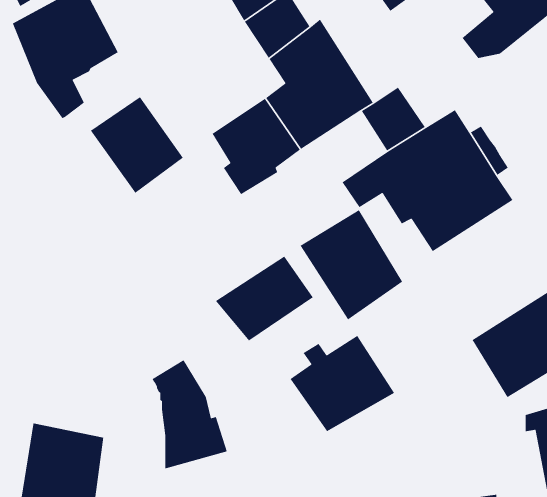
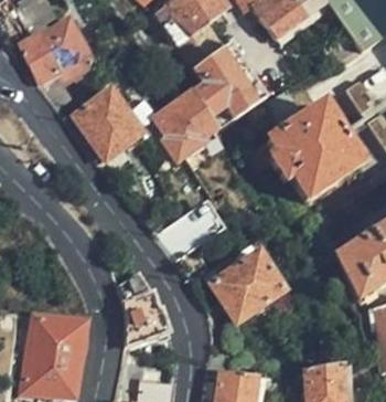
building: [299,209,403,321] -> none

